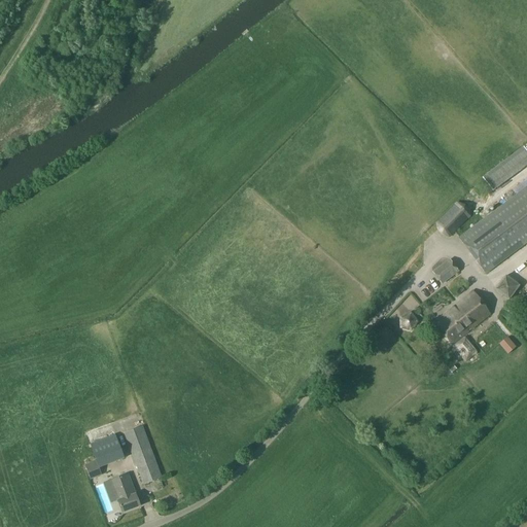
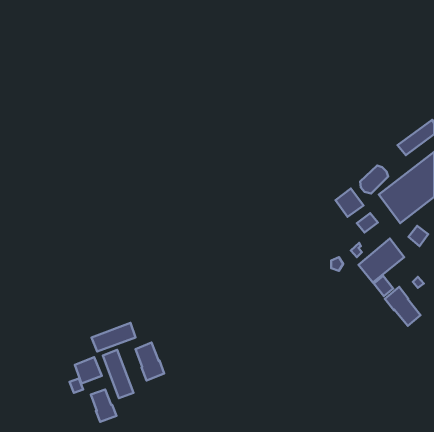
building: none -> [335,189,363,217]
building: none -> [385,287,421,326]
building: none -> [91,323,136,352]
building: none -> [136,343,164,380]

